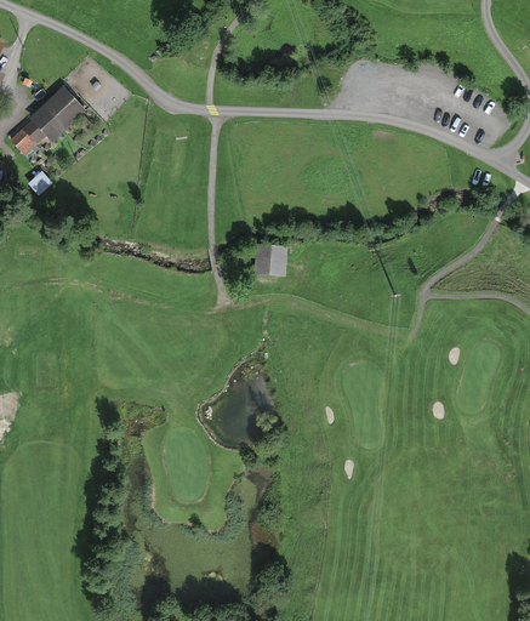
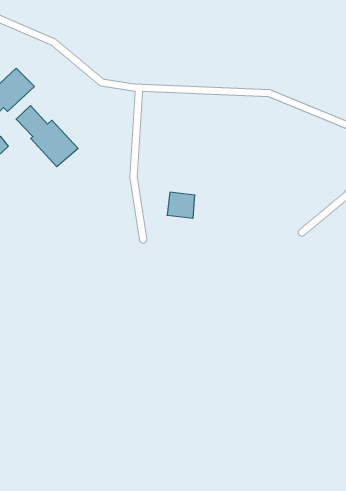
building: none -> [16,106,78,167]

